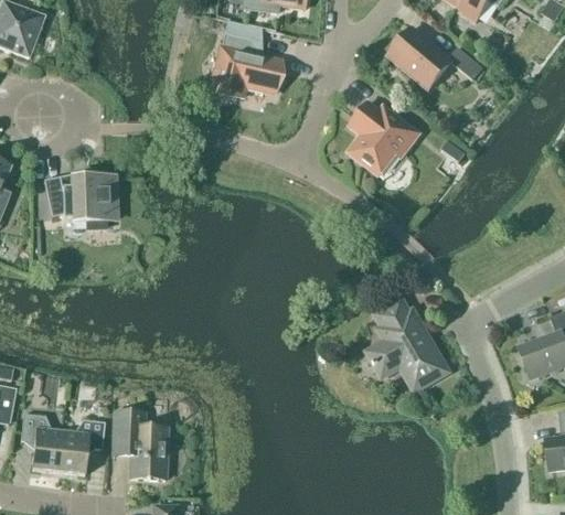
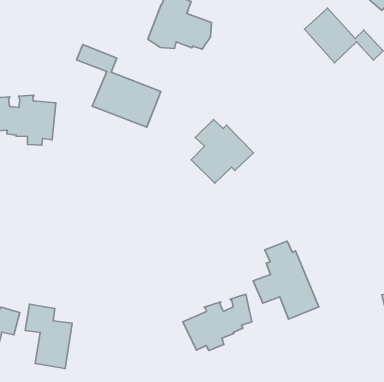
building: [349,101,419,174] -> [191,120,253,183]
building: none -> [77,44,161,127]
building: none -> [183,294,252,351]

